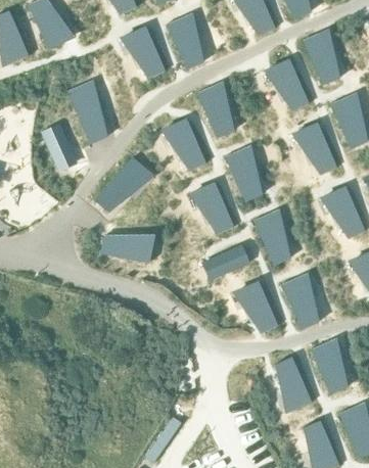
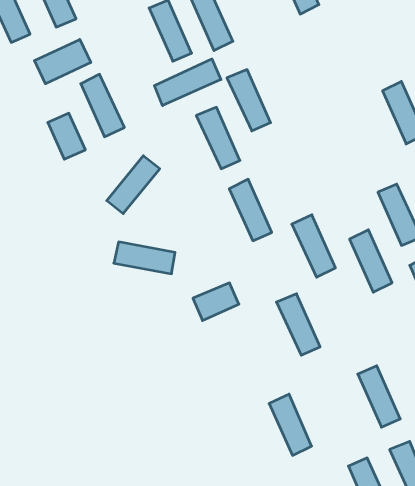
building: [305,30,341,83] -> none
building: [274,58,312,112] -> none
building: none -> [34,39,91,84]
building: none -> [154,59,221,106]
building: [303,122,340,175] -> none
building: [226,146,263,200] -> none
building: [211,243,250,276] -> [193,283,239,321]
building: [281,274,318,328] -> [350,230,392,292]
building: [274,357,311,410] -> [269,394,312,455]

